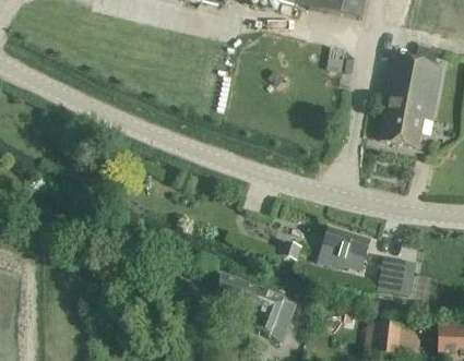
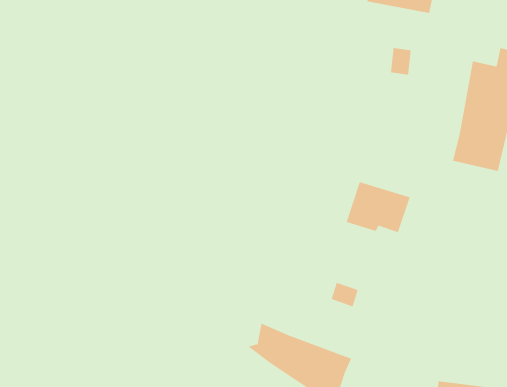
building: [318,225,371,267] -> [346,181,410,233]
building: [379,256,412,292] -> none

